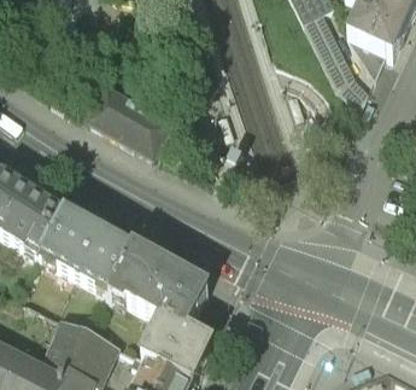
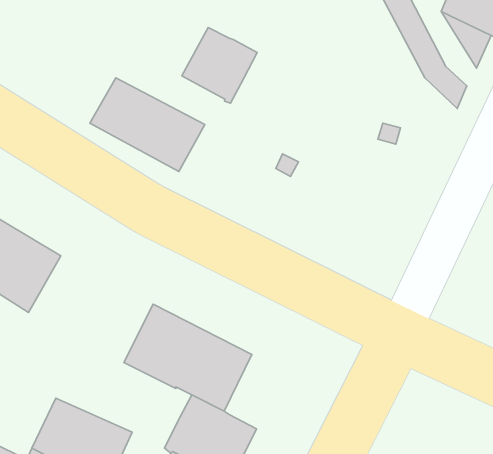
building: none -> [182,27,257,103]
building: [41,213,134,292] -> none

